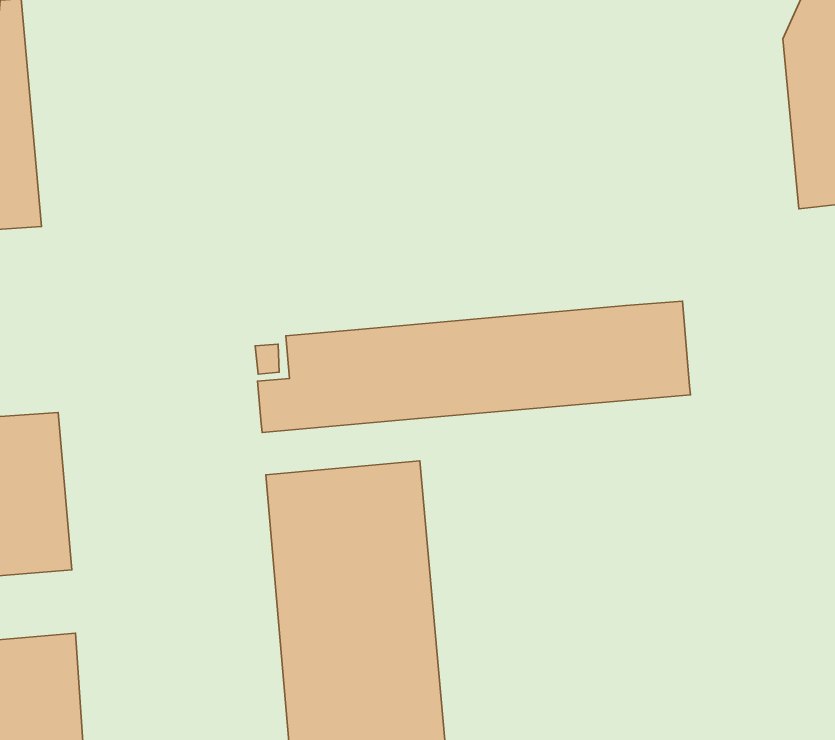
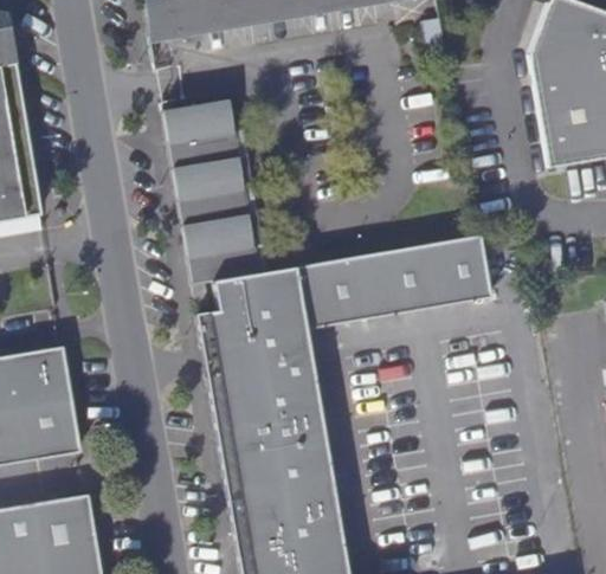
building: none -> [163,99,262,284]
building: none -> [202,330,310,376]

